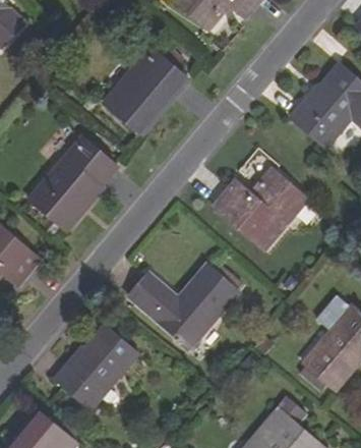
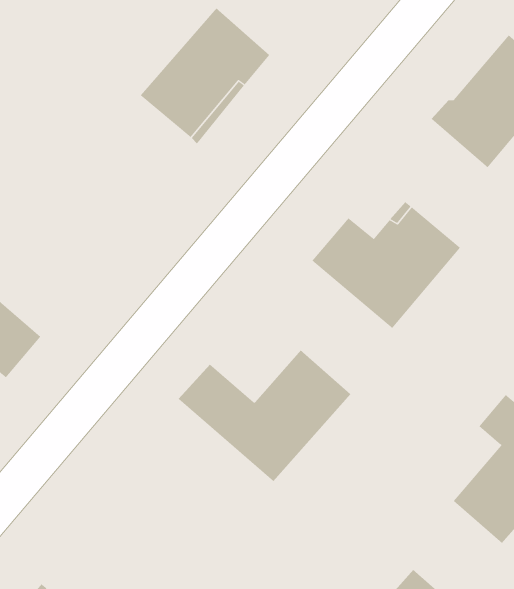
building: [27,135,117,229] -> none
building: [55,326,138,410] -> none

